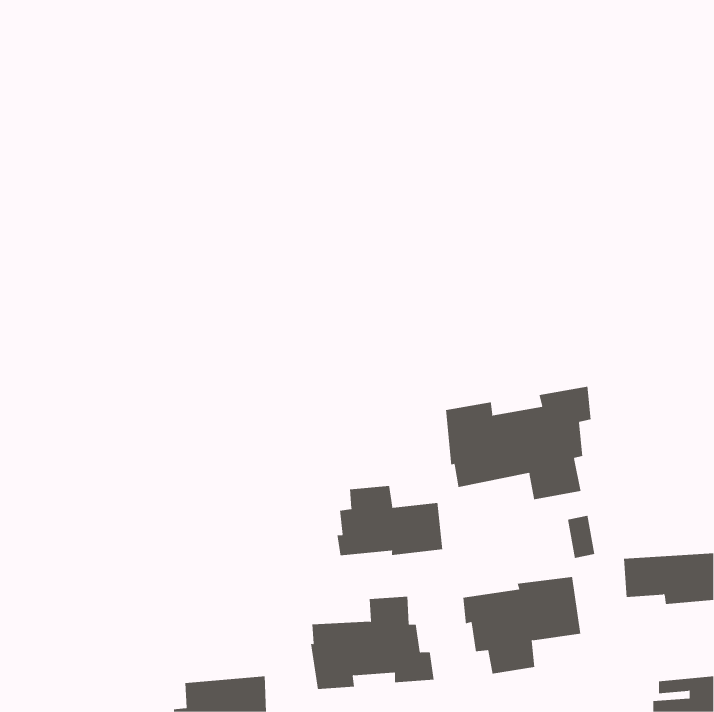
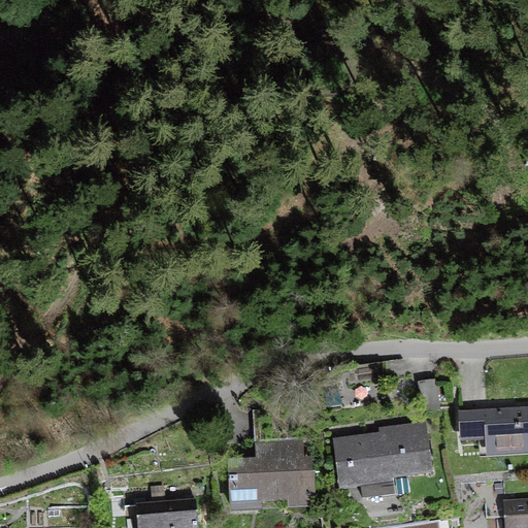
building: [445,386,591,500] -> none
building: [337,485,443,556] -> none

